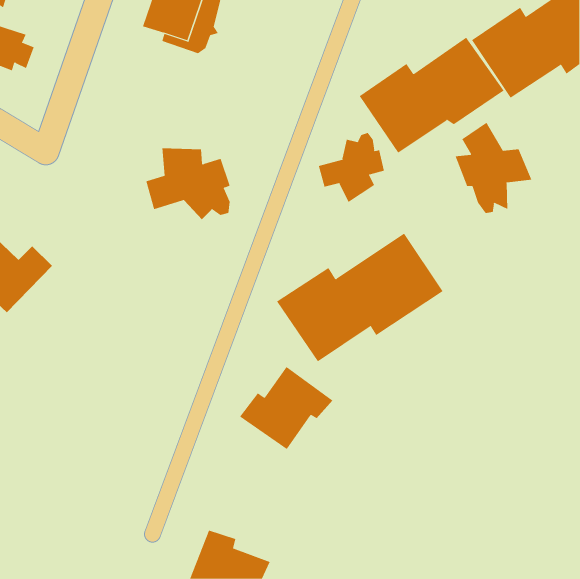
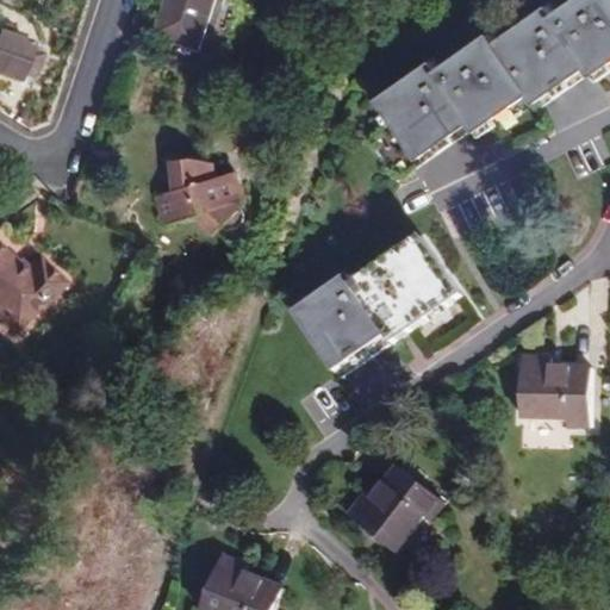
building: [455,122,532,214] -> none
building: [318,132,384,203] -> none
building: none -> [517,351,589,423]
building: [239,366,333,450] -> [344,461,442,548]

